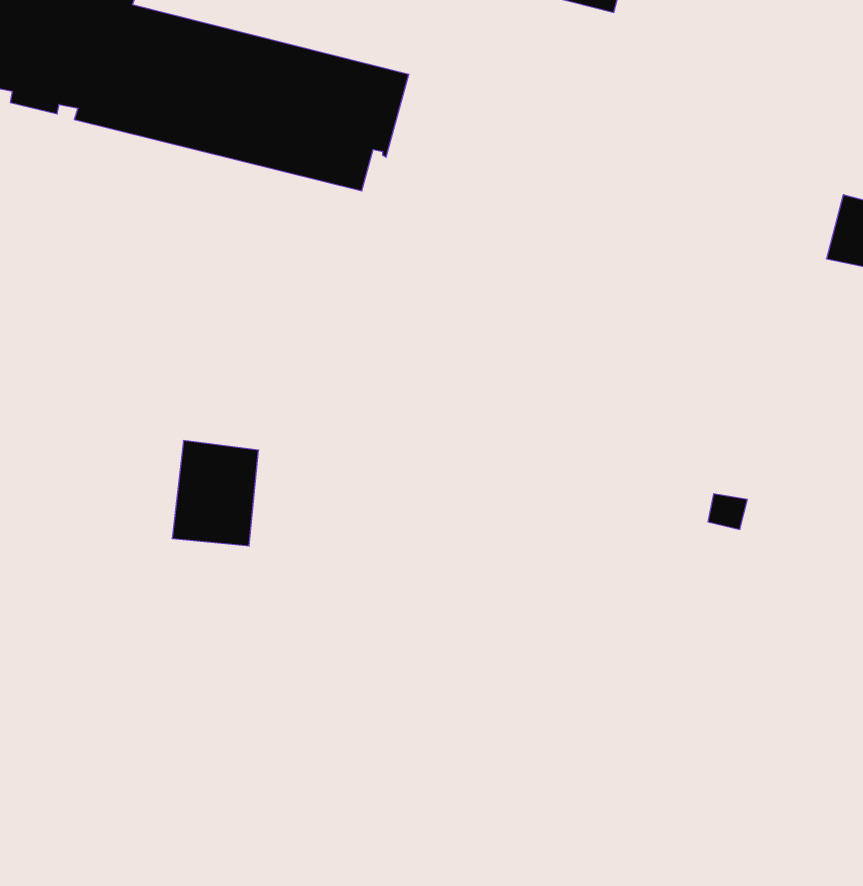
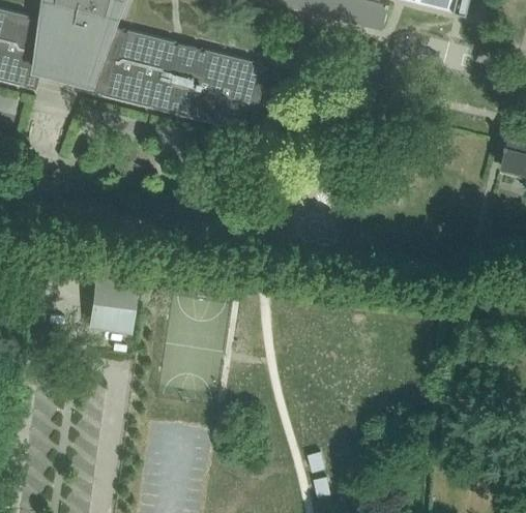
building: [172,441,259,546] -> [88,275,136,333]

